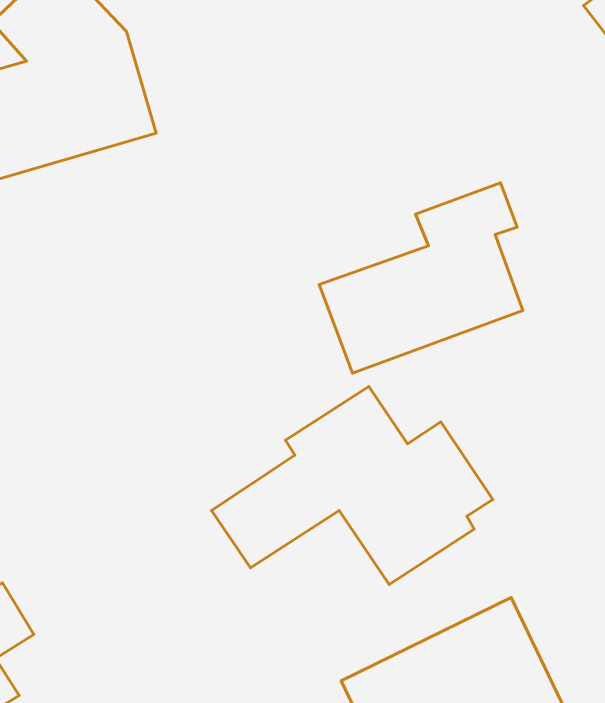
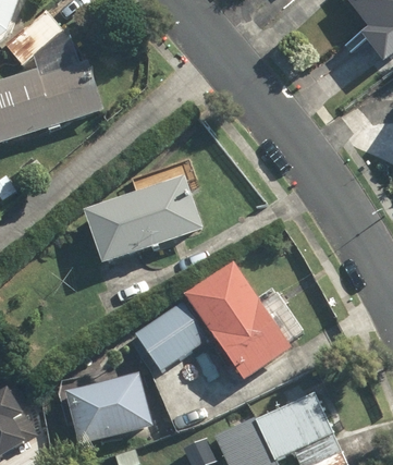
building: [319,183,523,373] -> [82,152,201,265]
building: none -> [63,356,153,443]

